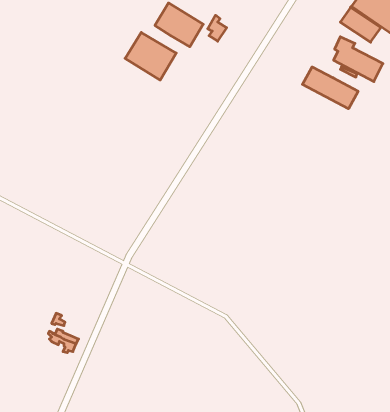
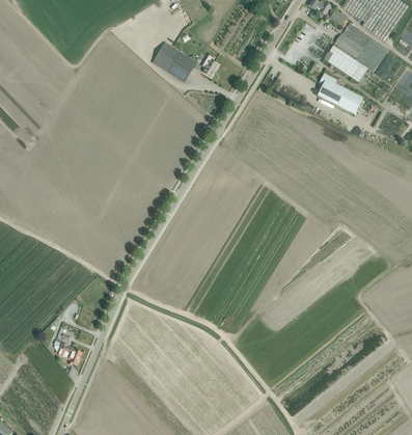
building: [125,32,176,80] -> none
building: [302,67,358,109] -> none

